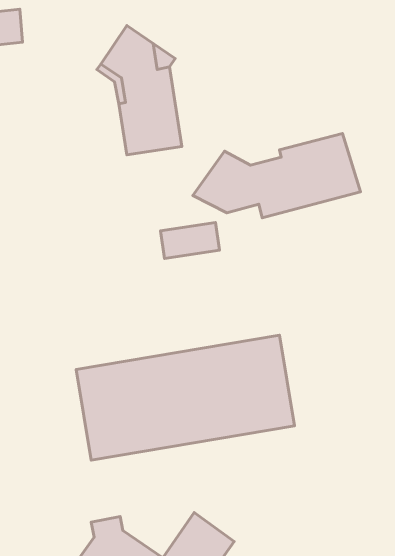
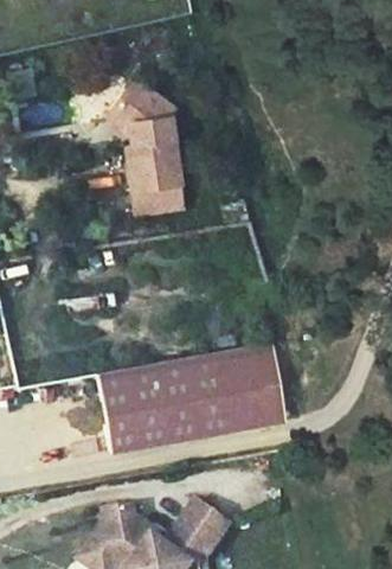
building: [193,134,360,218] -> none
building: [160,223,220,258] -> [135,184,186,215]

